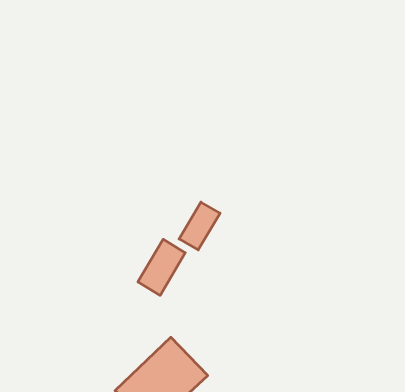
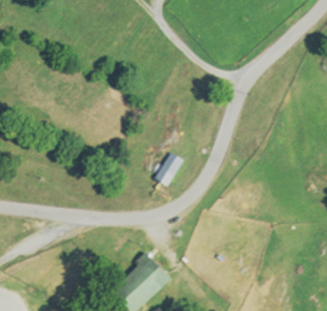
building: [138,239,185,295] -> none

